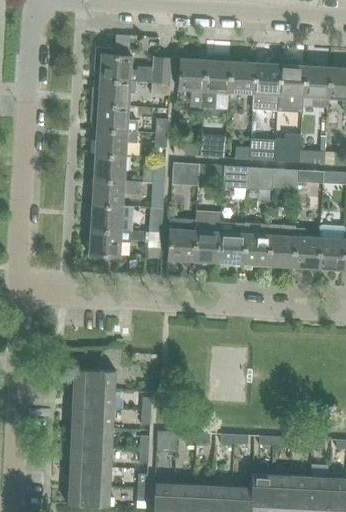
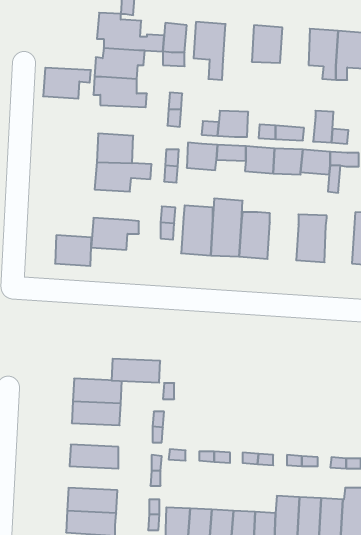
building: [203,53,231,110] -> none
building: [253,62,280,111] -> none
building: [94,130,136,157] -> [43,68,91,99]
building: [90,204,122,231] -> [55,235,92,266]
building: [243,224,270,266] -> none
building: [293,229,319,269] -> none
building: [70,409,113,430] -> [111,359,160,383]
building: [68,447,112,468] -> none

